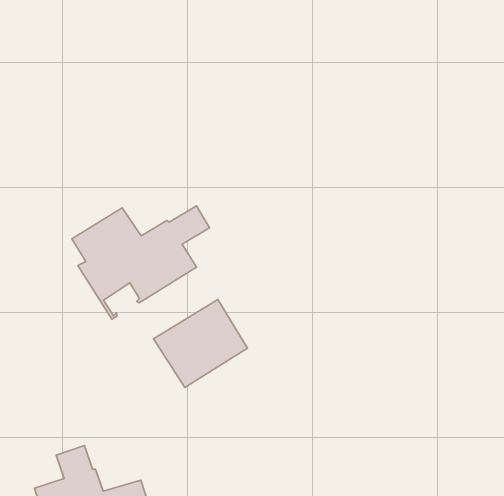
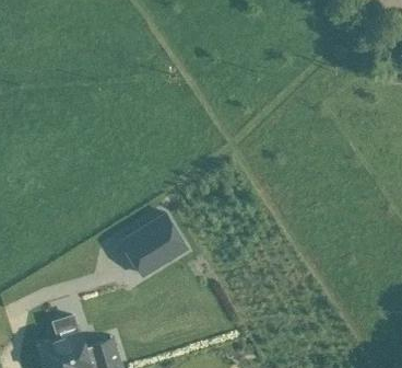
building: [72,206,210,319] -> none

